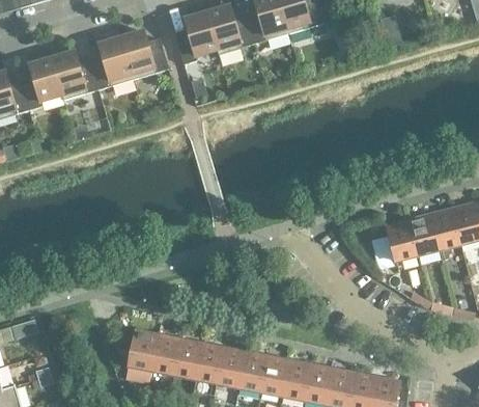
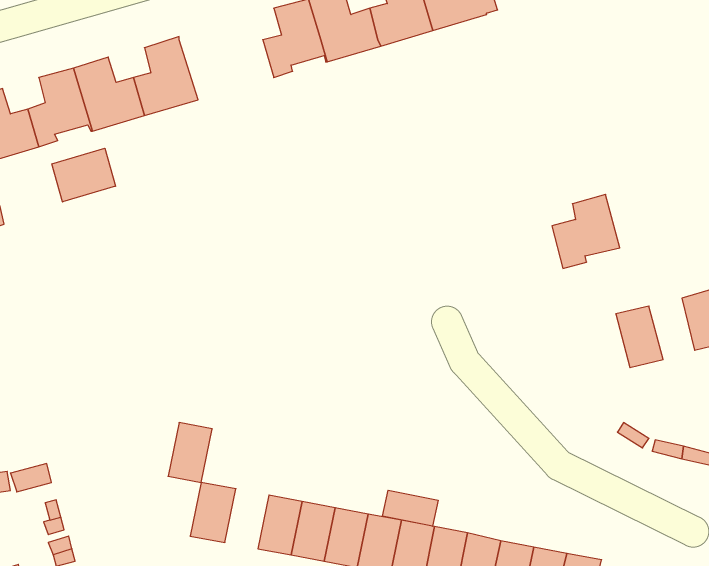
building: [121,30,169,78] -> none
building: none -> [52,148,116,202]
building: [430,209,460,249] -> none
building: [373,219,418,268] -> [552,194,620,268]
building: [151,334,180,374] -> [168,423,212,483]
building: none -> [382,490,438,526]

